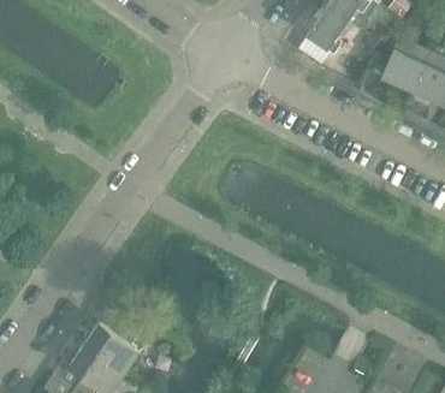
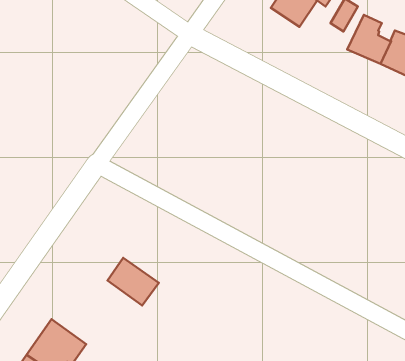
building: [79,324,131,373] -> [108,258,159,306]

